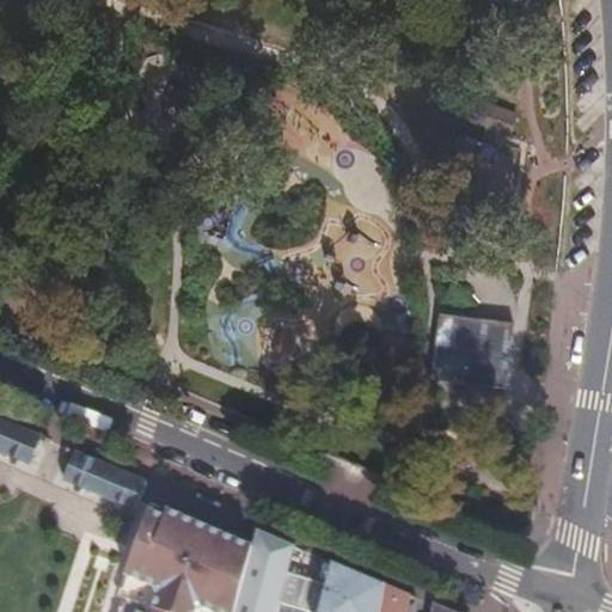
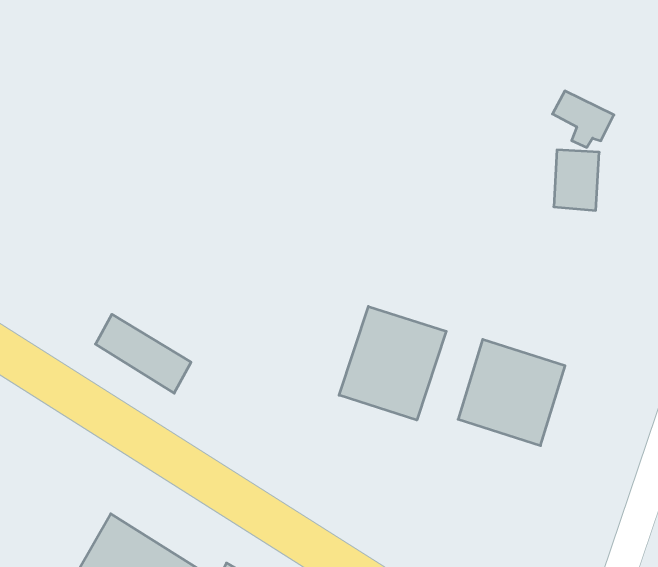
building: none -> [339,306,446,420]
building: [66,453,146,509] -> [95,314,191,393]

